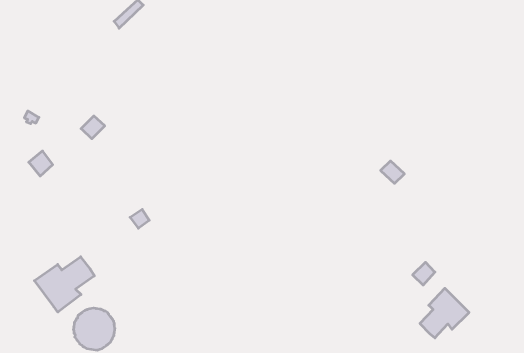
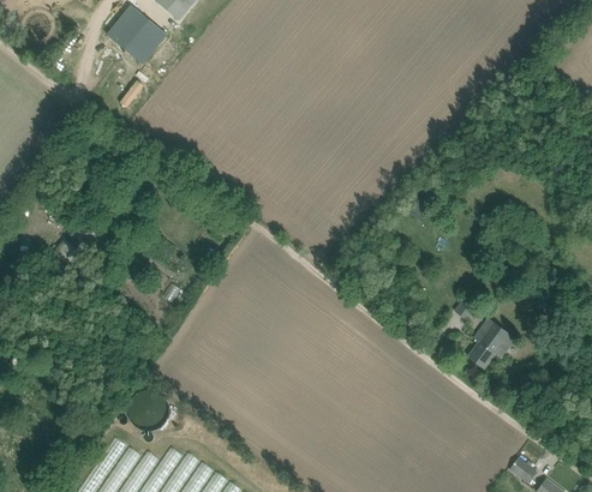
building: [34,257,94,312] -> none

